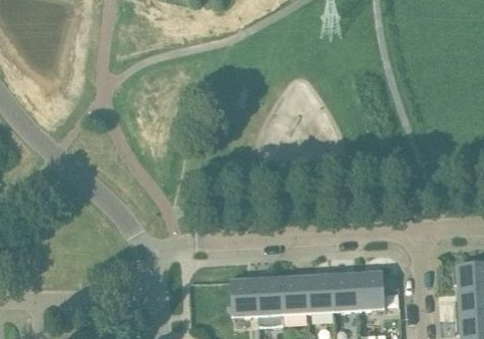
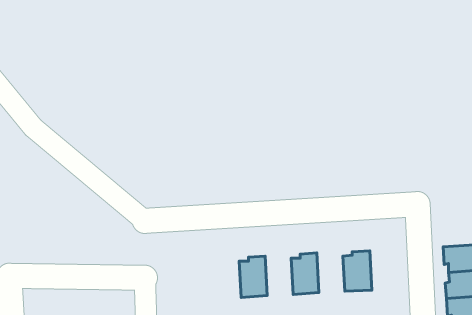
building: [332,272,359,311] -> none
building: [282,275,309,314] -> none
building: [231,278,259,317] -> none

